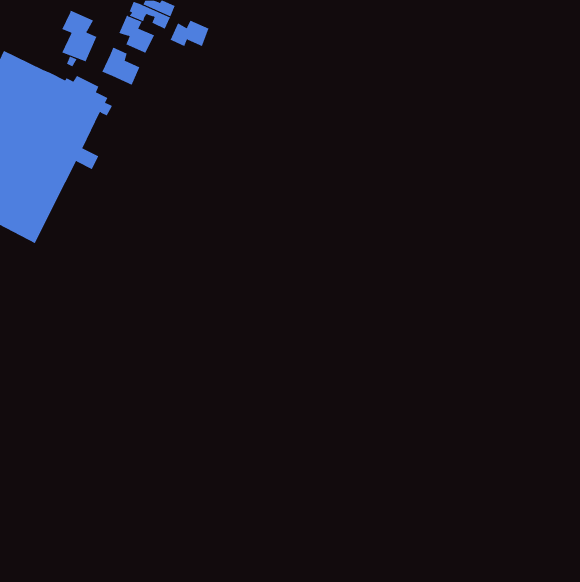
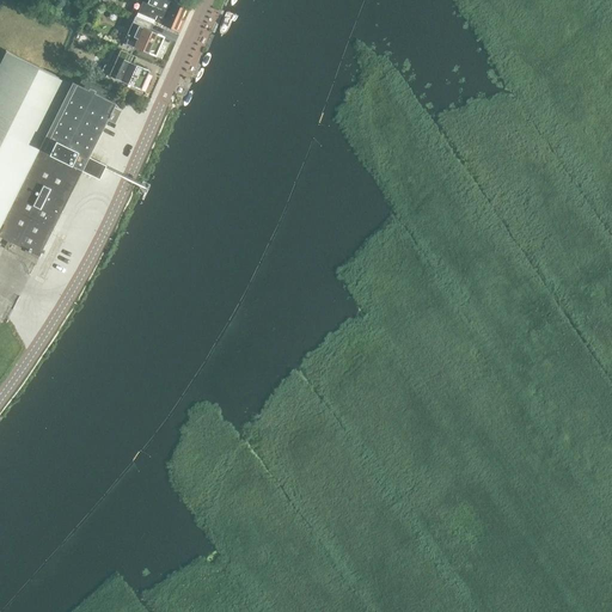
building: [62,10,97,62] -> none
building: [170,20,209,47] -> none

